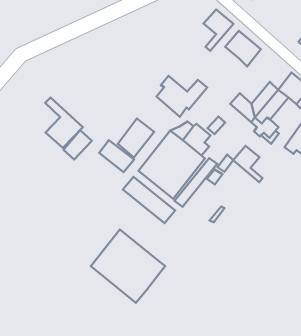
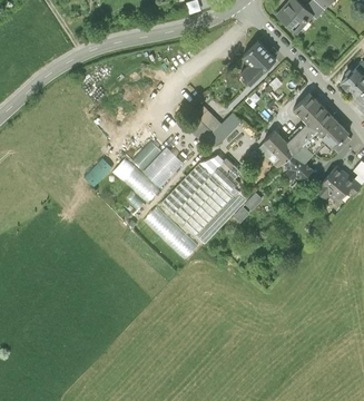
building: [225,31,261,66] -> [294,92,331,130]
building: [45,97,83,148] -> none
building: [233,146,262,182] -> none
building: [91,229,165,303] -> none

